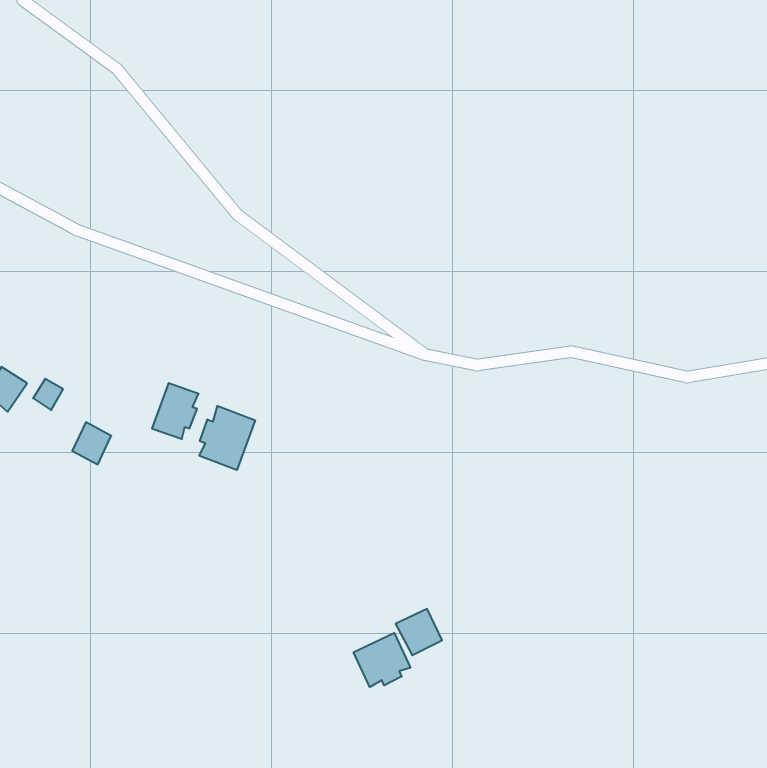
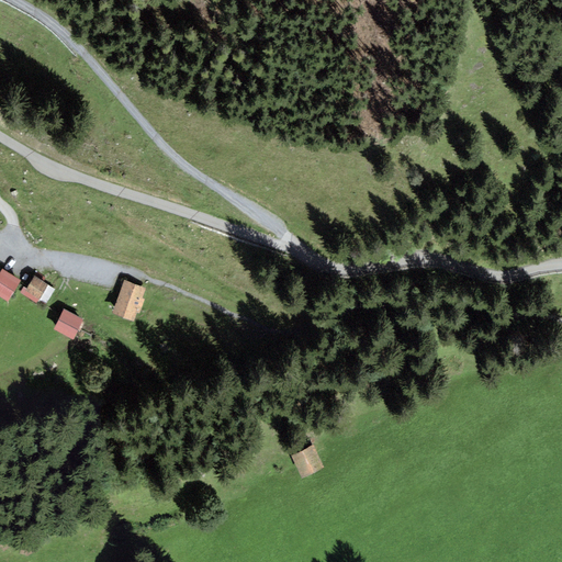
building: [199,406,255,470] -> none
building: [354,633,410,687] -> none

